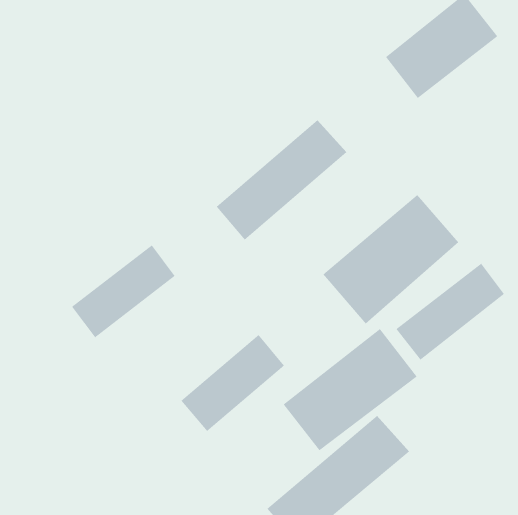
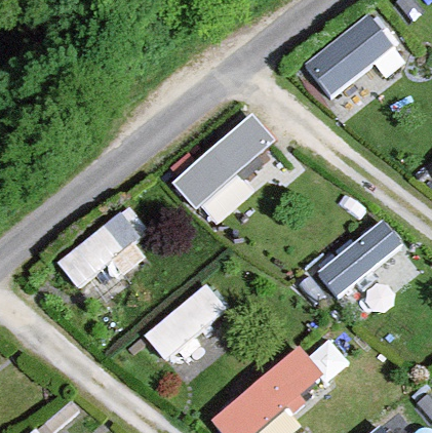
building: [322,194,459,324] -> none
building: [283,328,417,451] -> none

